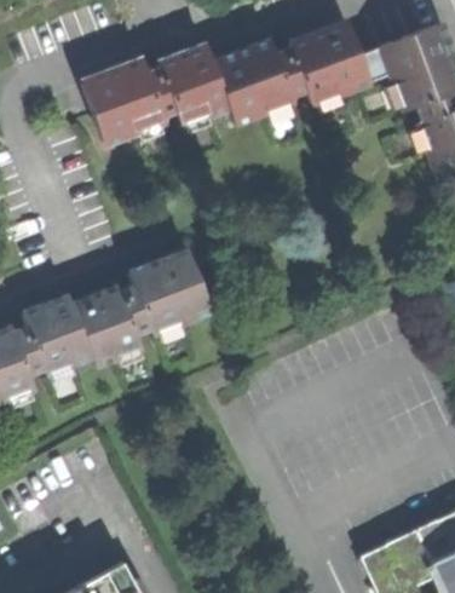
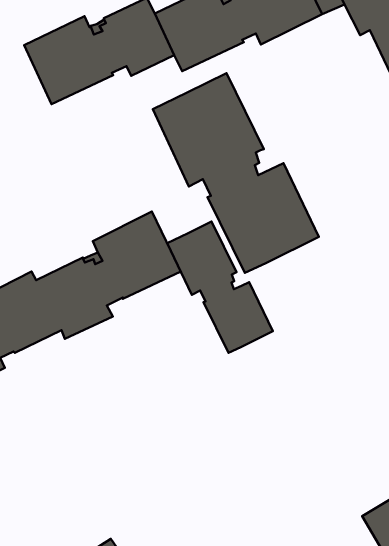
building: none -> [153,73,319,273]
building: none -> [167,222,273,353]

